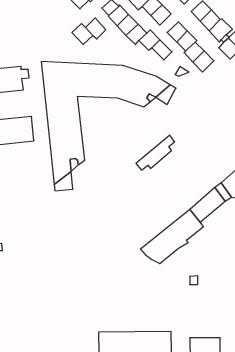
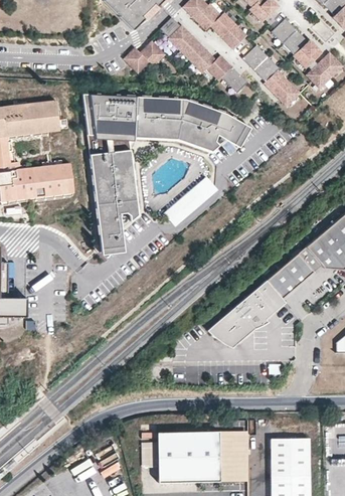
building: [136,135,175,170] -> [166,177,214,220]

